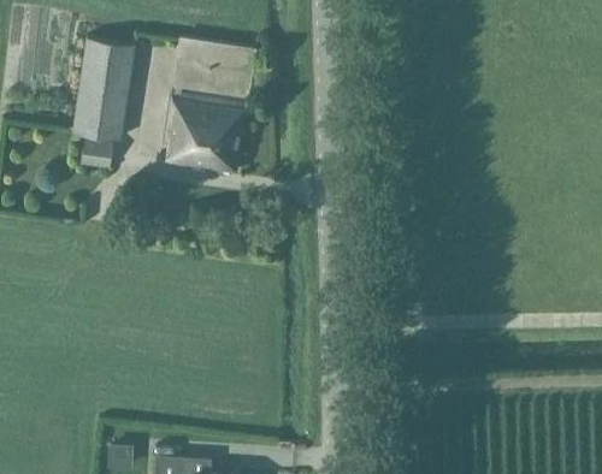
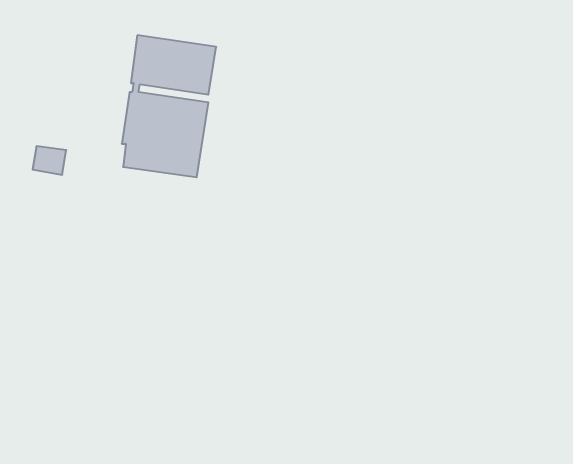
building: [72,40,134,143] -> none

